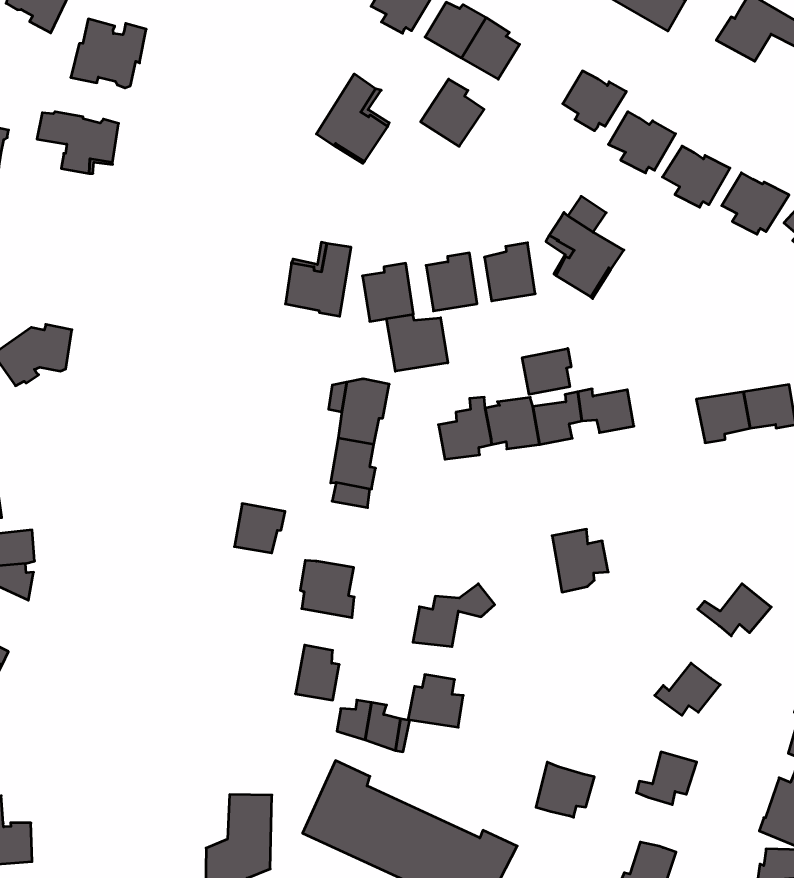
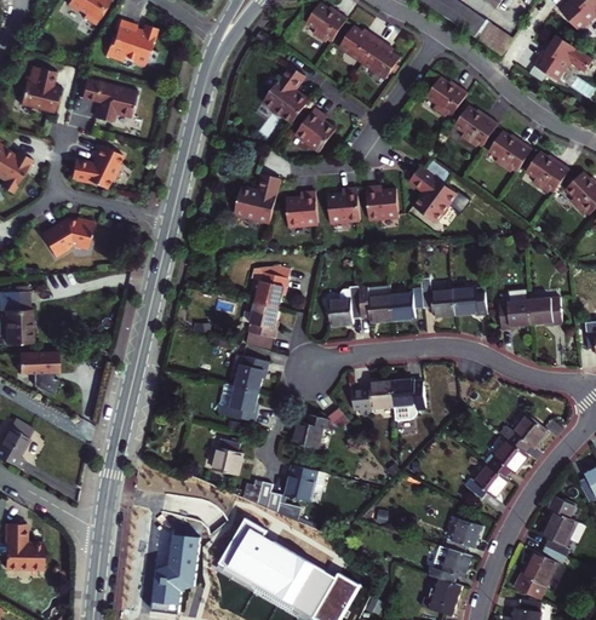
building: [421,79,484,146] -> [294,110,337,155]
building: none -> [69,144,120,186]
building: [386,315,448,371] -> none
building: [522,348,571,394] -> none
building: none -> [453,286,486,312]
building: [234,504,285,553] -> [240,357,275,391]
building: none -> [359,380,399,414]
building: none -> [476,448,518,482]
building: [536,762,594,817] -> [429,553,469,591]

